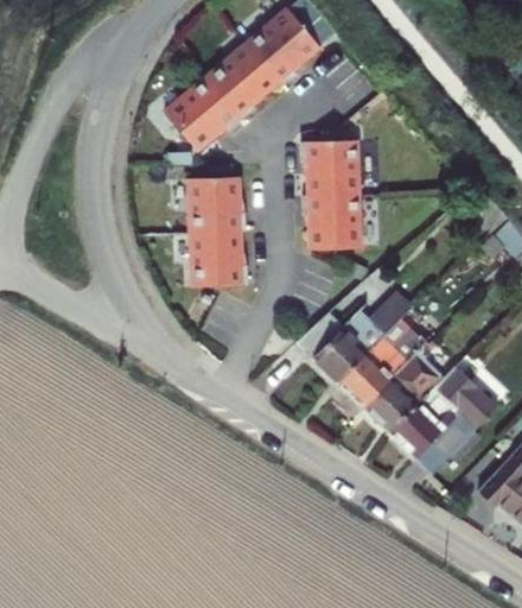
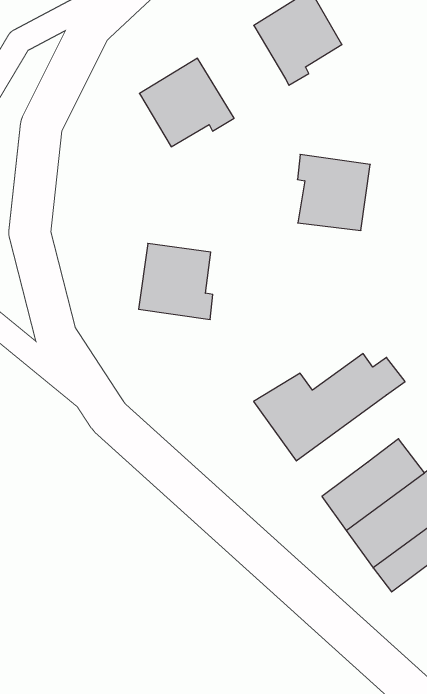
building: [208,43,280,119] -> none
building: [190,173,249,229] -> none
building: [303,191,361,248] -> none
building: [338,318,422,407] -> none

